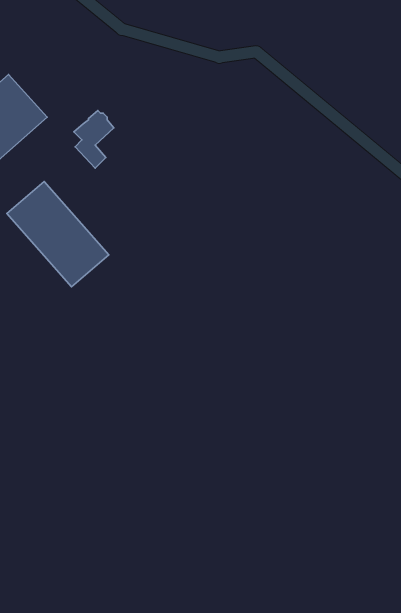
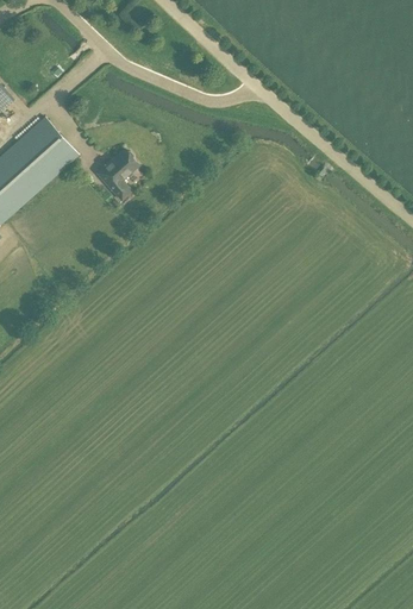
building: [7,182,109,287] -> none

